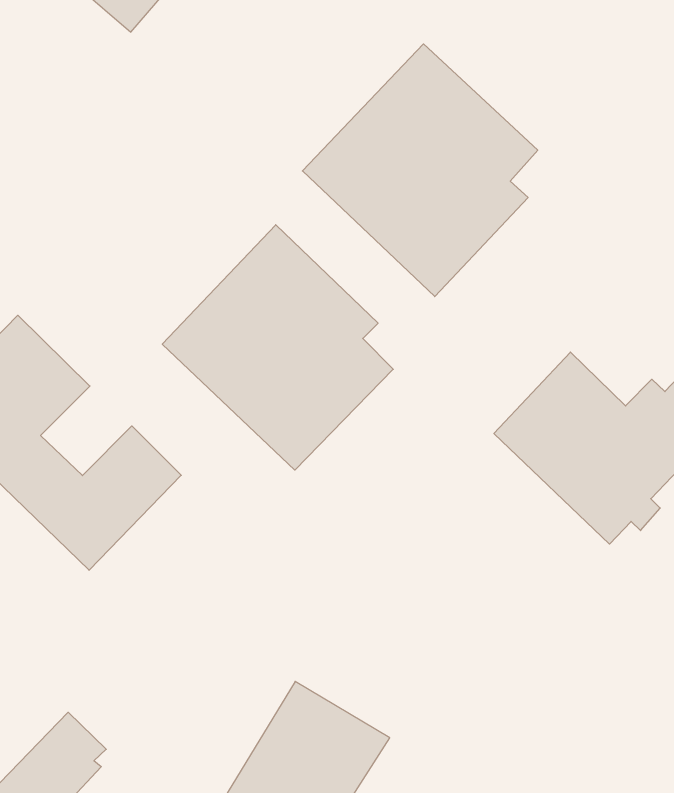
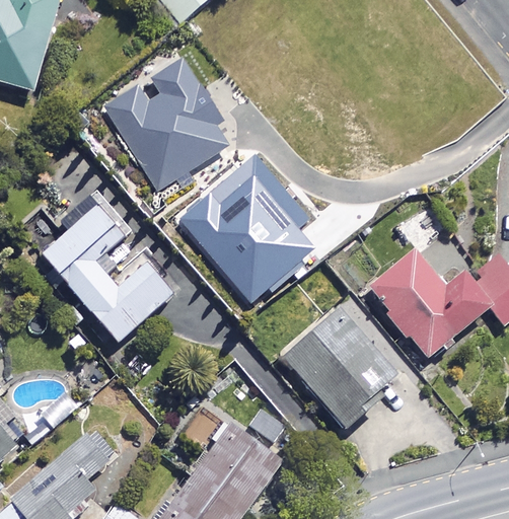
building: [302,44,538,297] -> none
building: none -> [99,53,224,186]
building: none -> [286,326,403,430]

